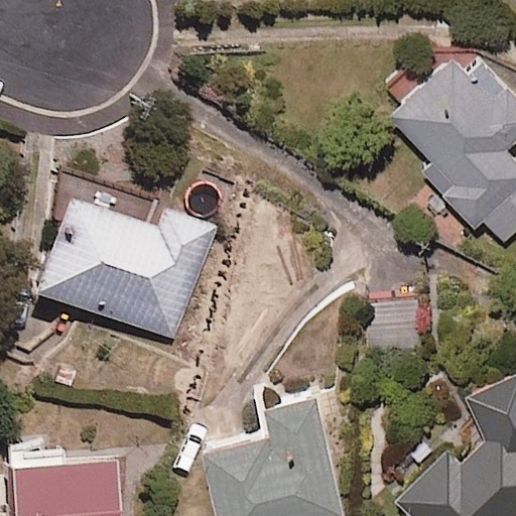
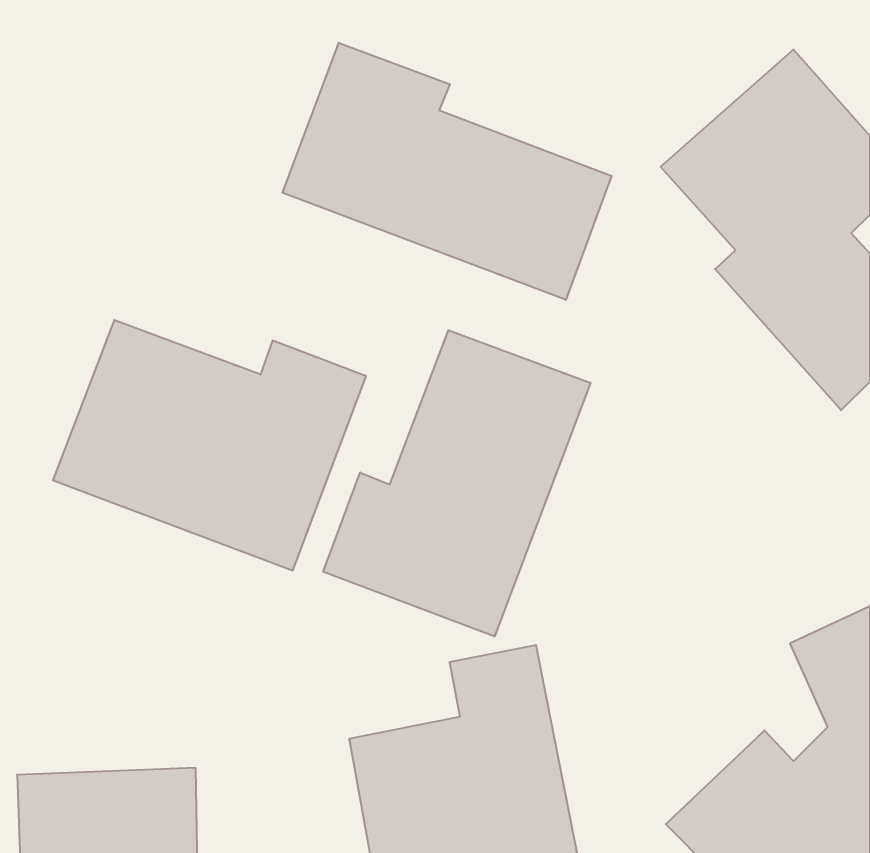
building: none -> [282,43,612,300]
building: none -> [323,330,591,636]

